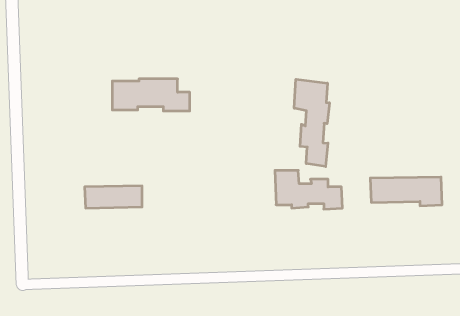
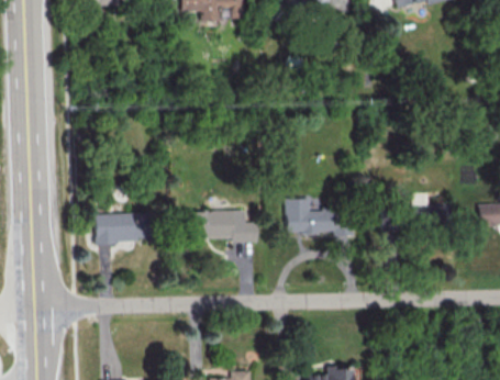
building: [112,79,190,111] -> [185,212,262,244]
building: [294,79,329,167] -> none

